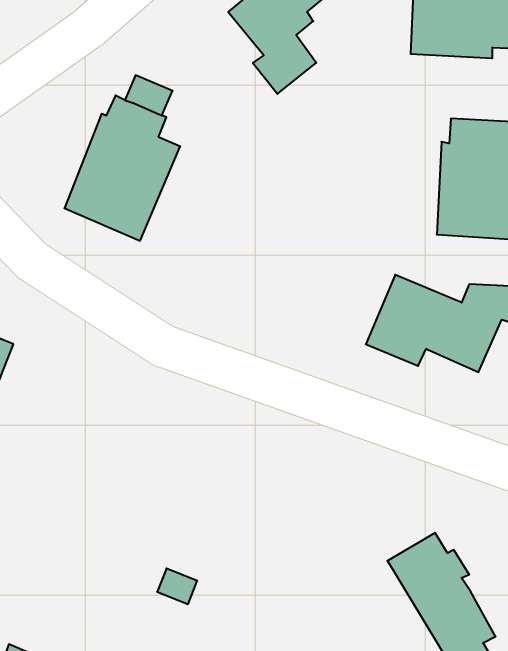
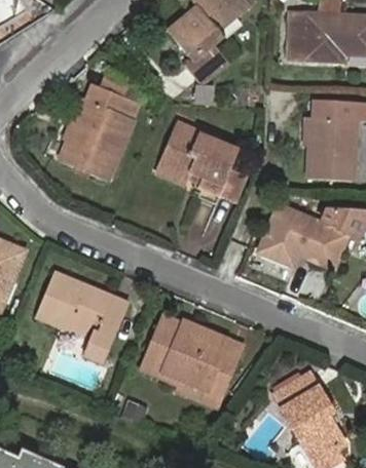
building: none -> [159,122,247,203]
building: none -> [36,271,130,363]
building: none -> [145,319,242,389]

